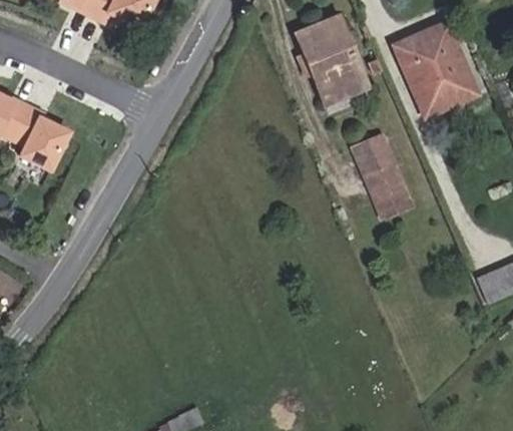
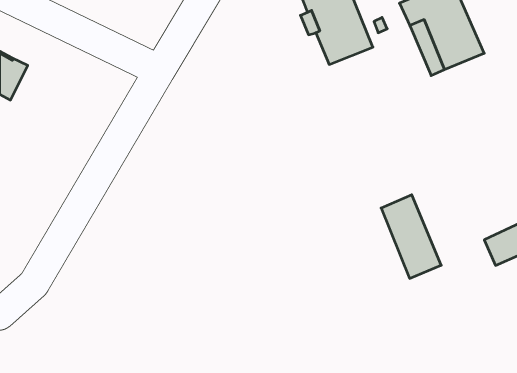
building: [12,105,69,169] -> none
building: [353,134,412,217] -> [381,195,441,278]

